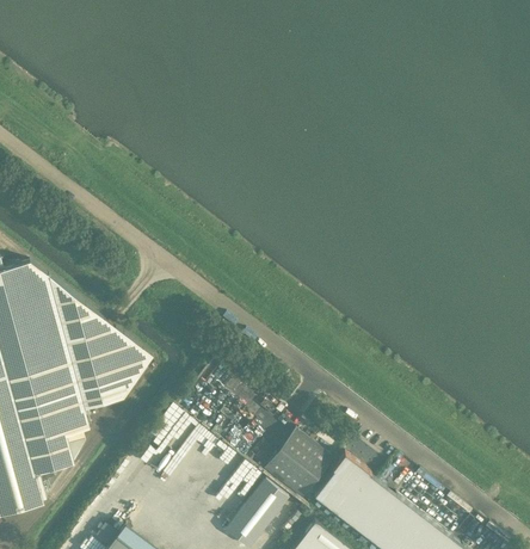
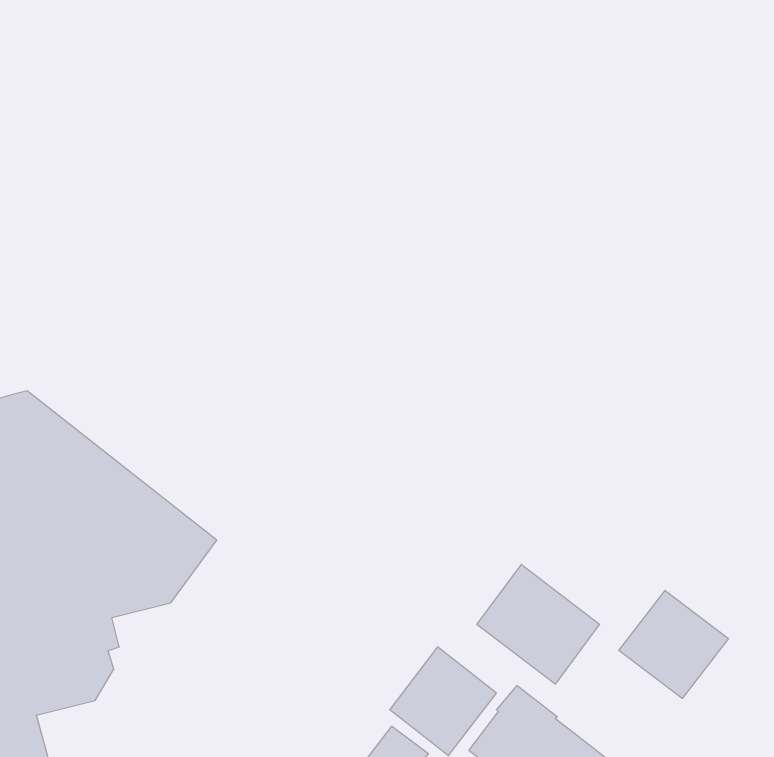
building: none -> [477,564,600,684]
building: none -> [619,590,728,698]

